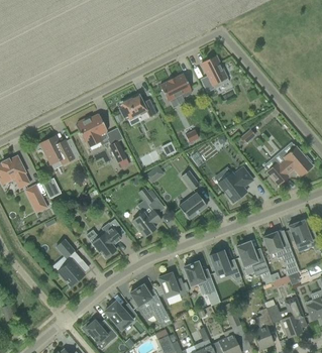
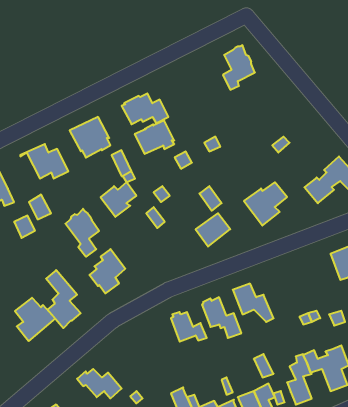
building: [159,74,192,101] -> [135,121,174,154]
building: none -> [65,209,99,257]
building: [132,209,162,237] -> [101,182,136,217]
building: [262,231,295,263] -> none
building: [236,241,270,276] -> none
building: none -> [15,298,55,341]
building: [130,284,172,327] -> none
building: [105,301,137,330] -> none

